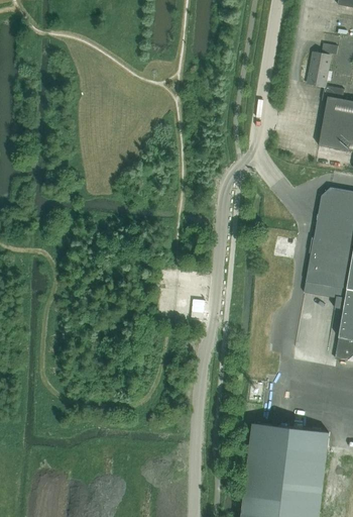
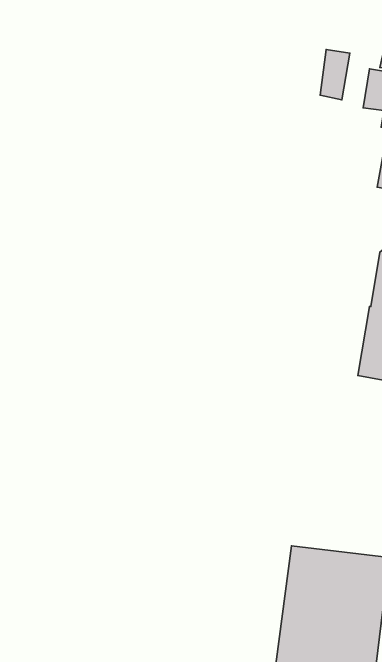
building: none -> [320,49,350,100]

